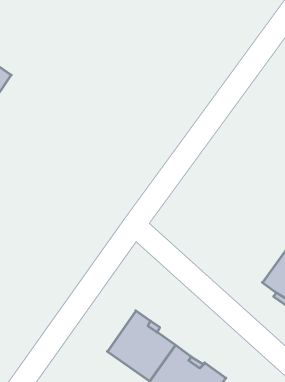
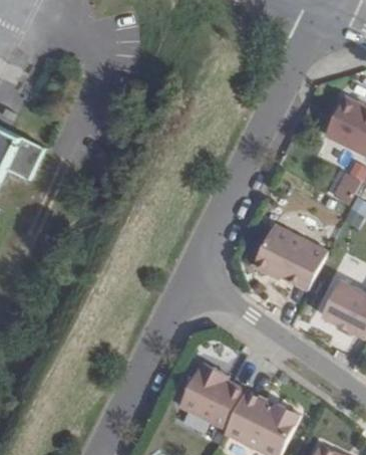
building: none -> [251,227,326,289]

